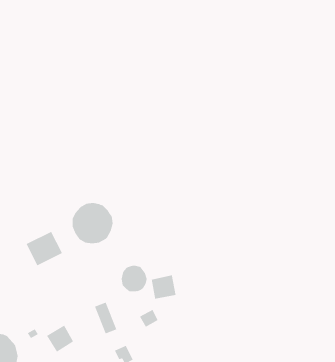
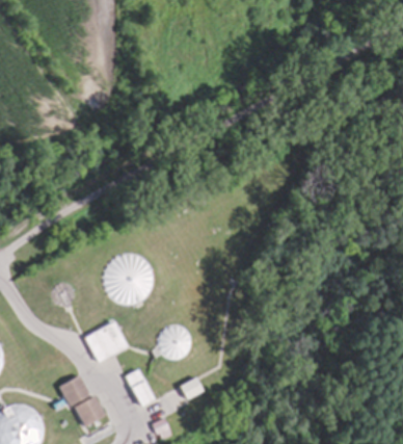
building: [26,231,63,266] -> [85,322,127,362]
building: [151,274,176,300] -> none
building: none -> [59,375,90,406]

